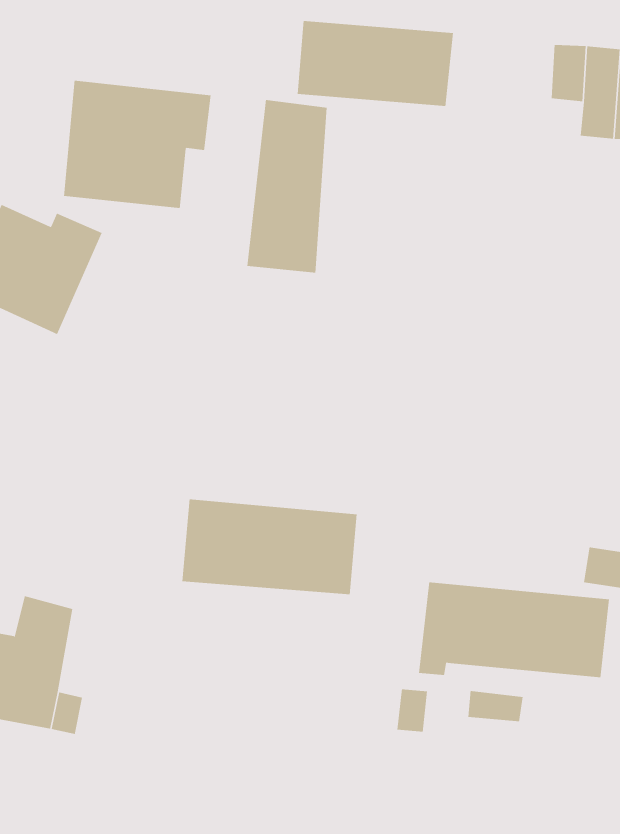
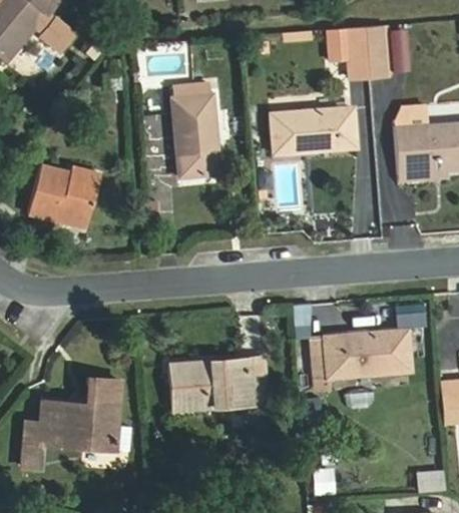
building: [297,20,454,106] -> [271,106,357,153]
building: [64,80,211,209] -> none
building: [181,499,358,595] -> [171,358,269,410]

